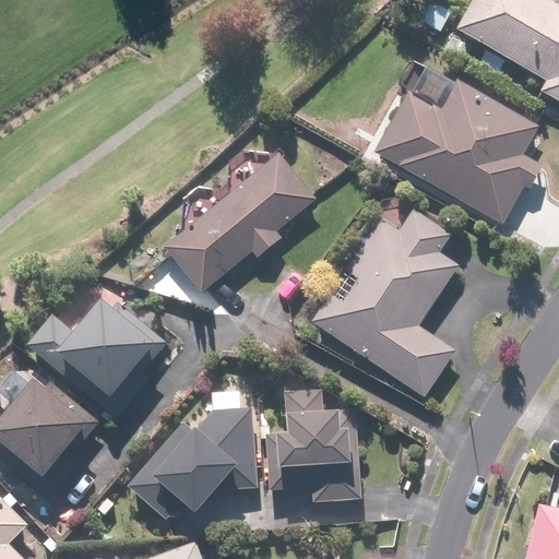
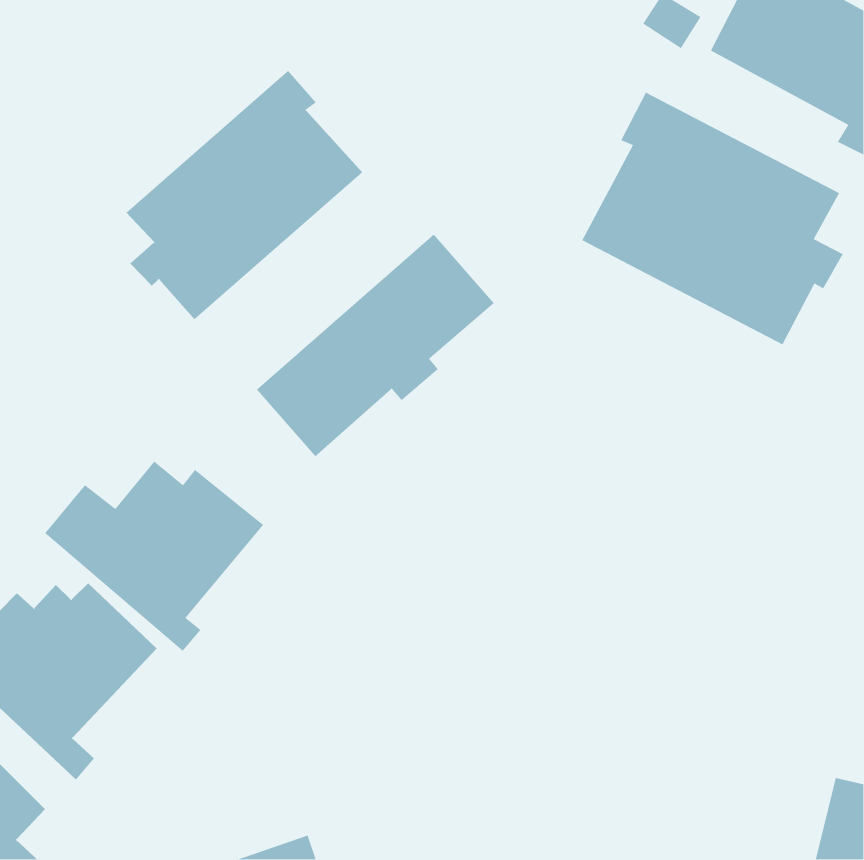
building: none -> [125,70,363,320]
building: [298,207,460,399] -> none
building: [264,388,365,501] -> none
building: [128,408,254,519] -> none

